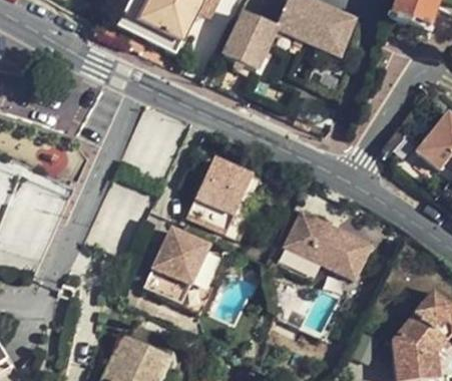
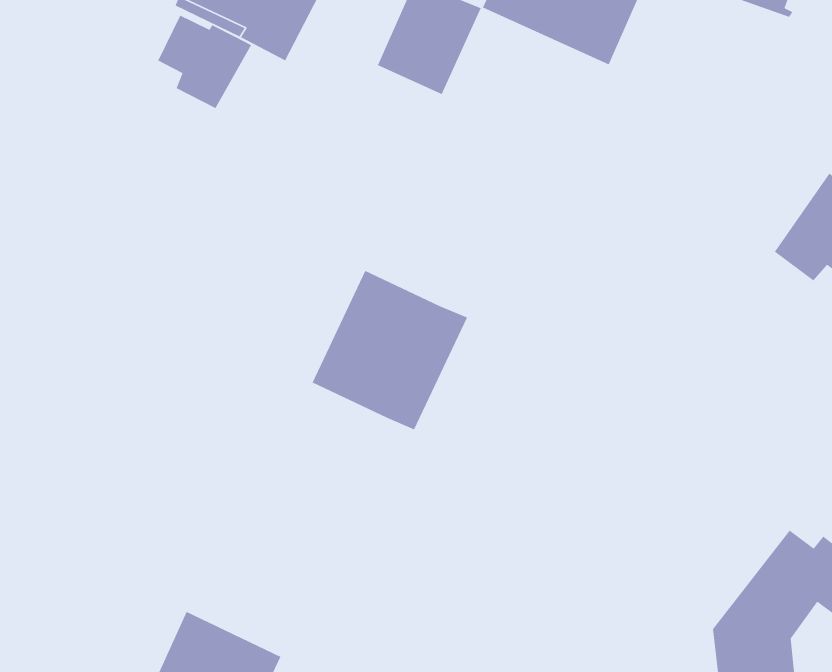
building: none -> [157,14,252,109]
building: [277,212,373,282] -> none
building: [148,227,211,303] -> none

